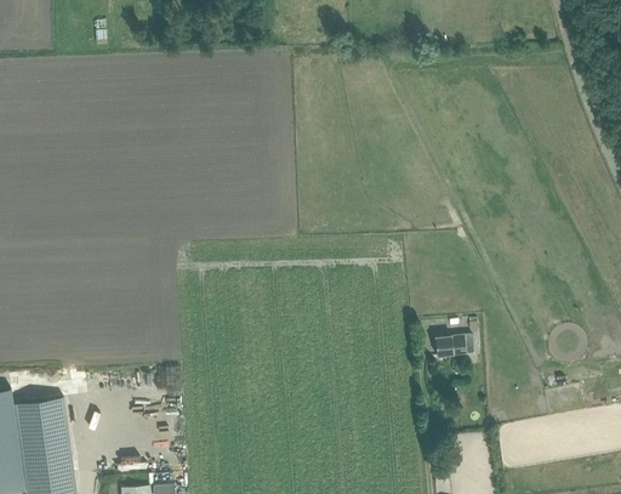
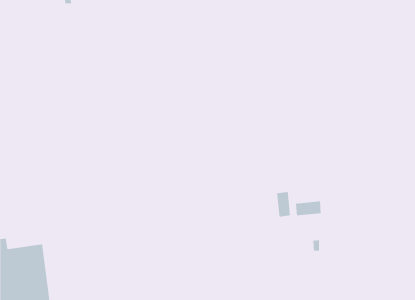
building: none -> [277,191,291,217]

